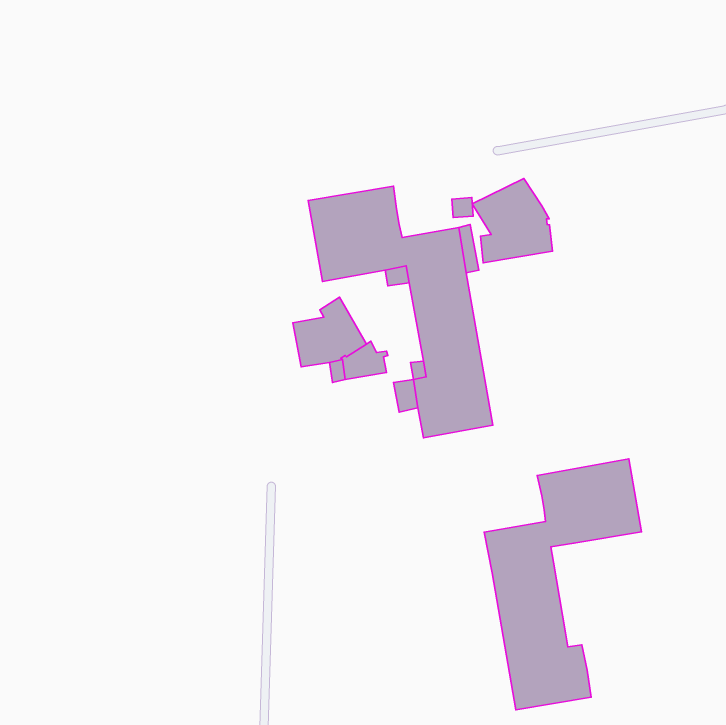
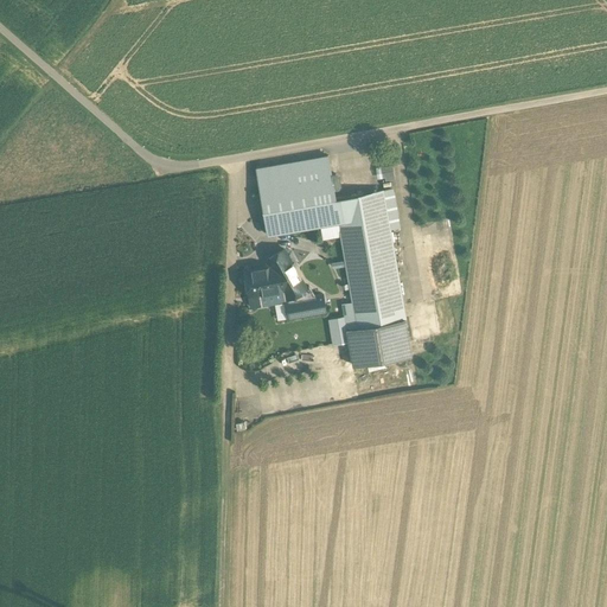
building: [472,178,552,263] -> none
building: [484,459,642,710] -> none

